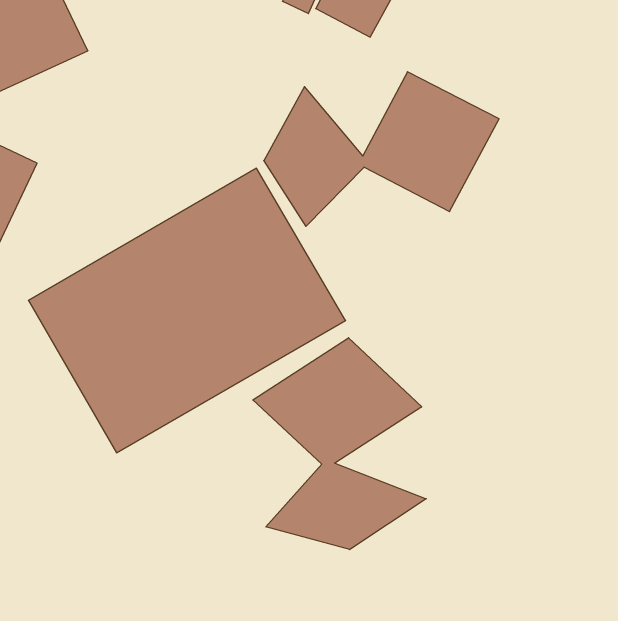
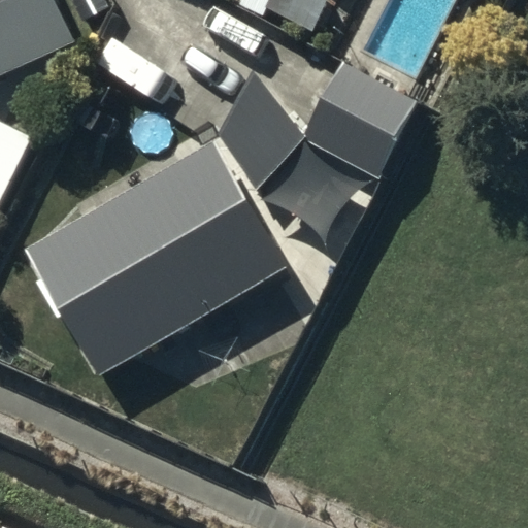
building: [253,338,426,550] -> none

